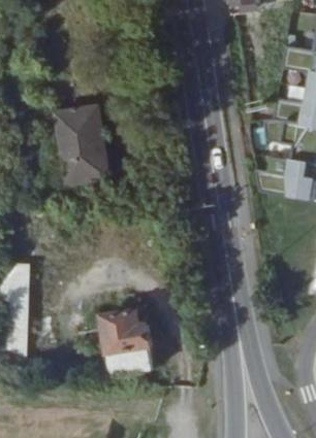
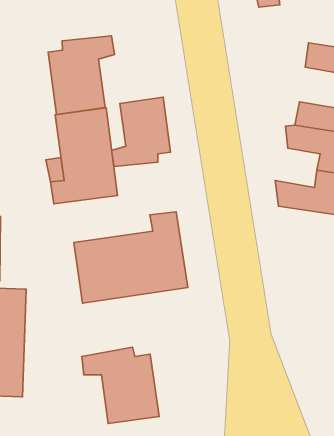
building: none -> [48,36,114,114]
building: none -> [112,97,171,167]
building: none -> [74,212,188,303]

